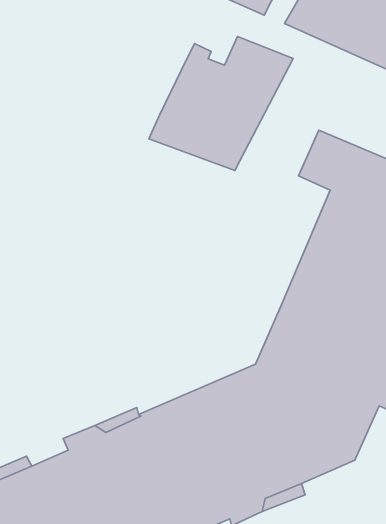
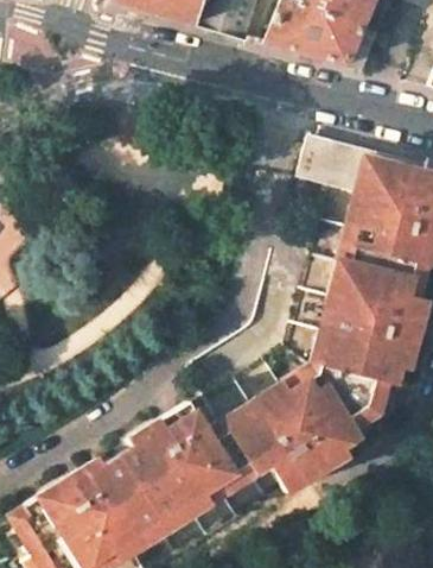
building: [149,36,293,170] -> none

